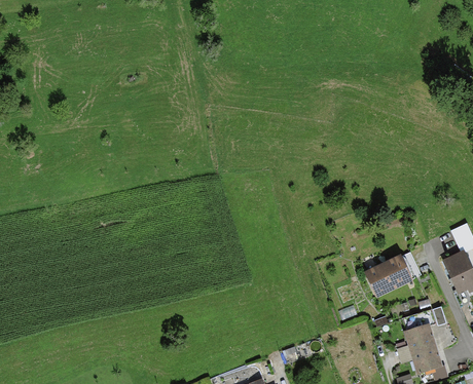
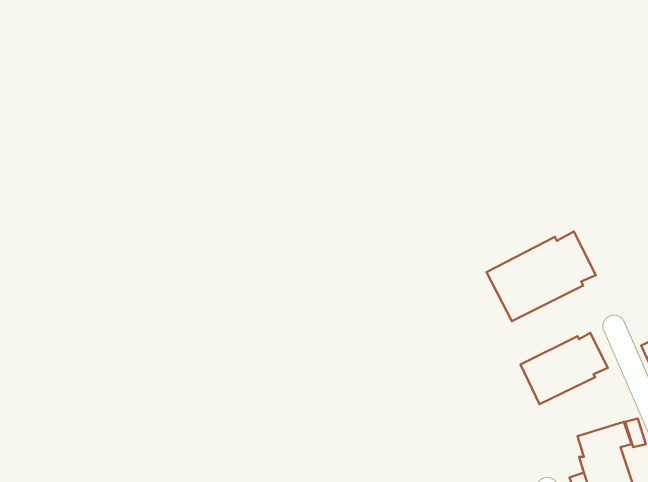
building: none -> [486,231,596,321]

